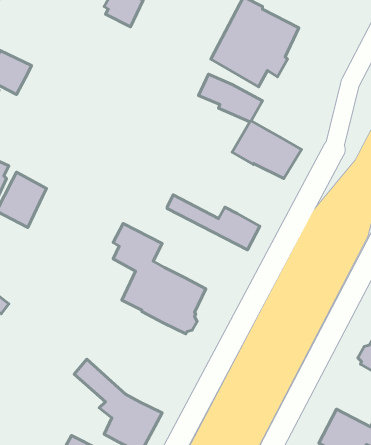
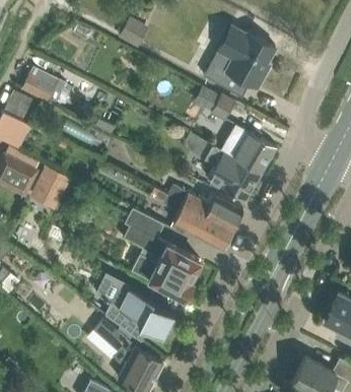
building: none -> [185,133,263,201]
building: none -> [163,196,233,250]
building: none -> [97,276,174,341]

